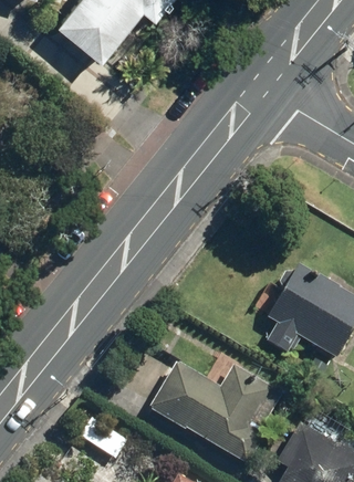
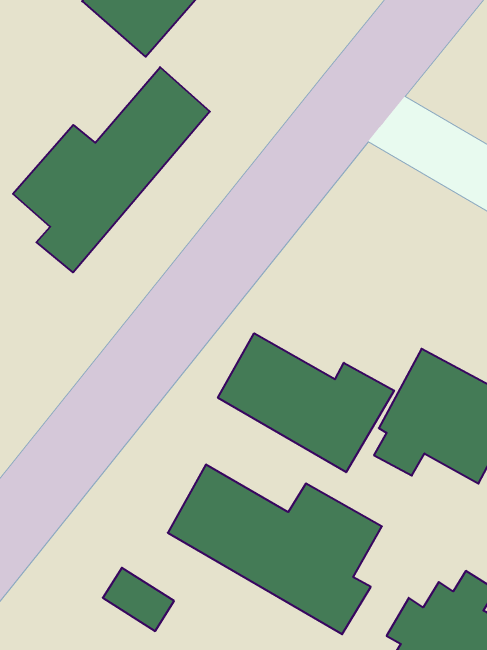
building: none -> [13,67,210,272]
building: none -> [218,333,394,472]

